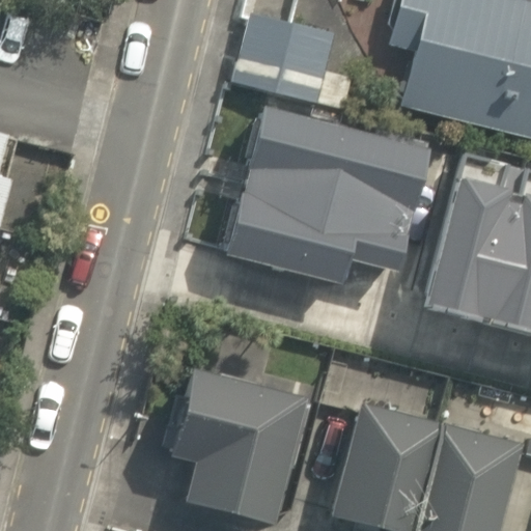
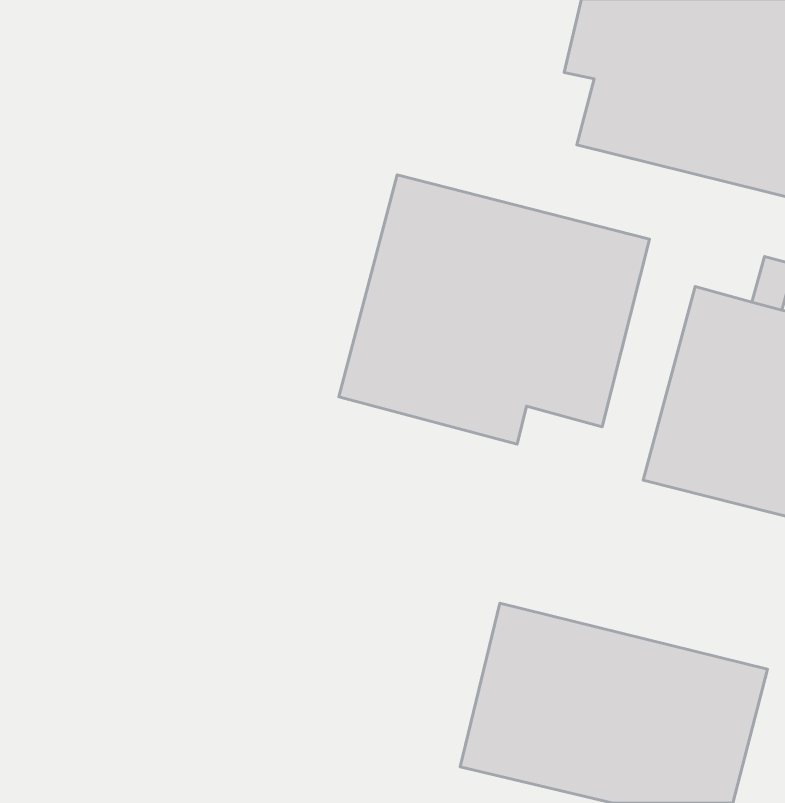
building: [234,5,350,109] -> none
building: [153,361,297,518] -> none

